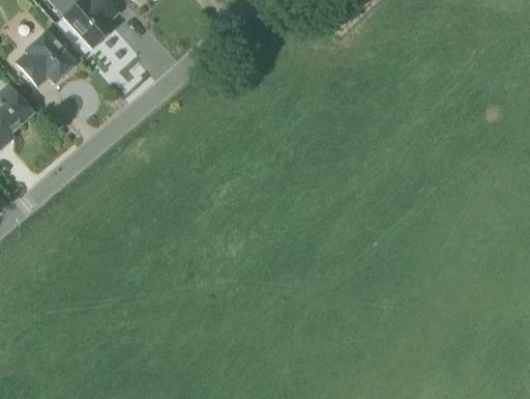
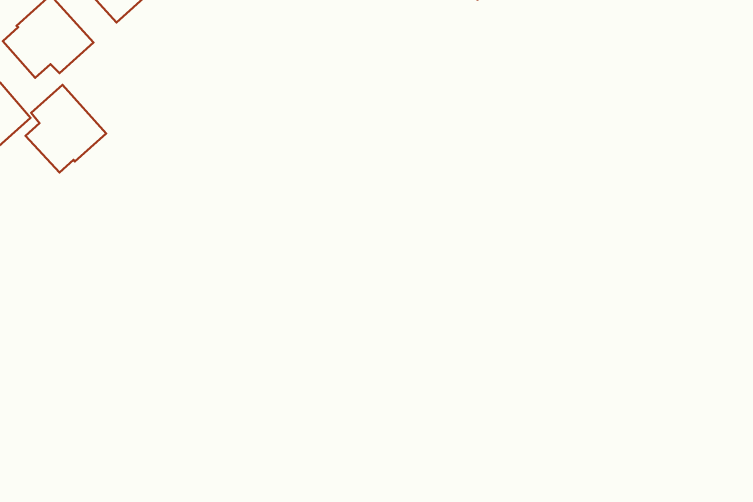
building: none -> [26,85,106,172]

